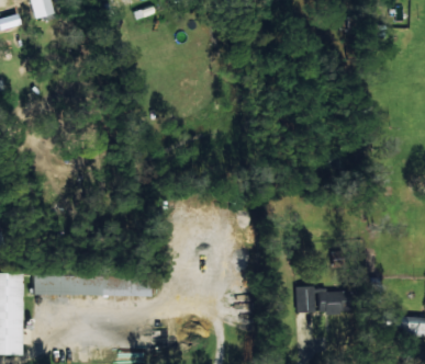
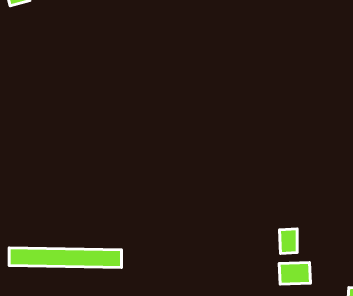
building: [297,286,315,312] -> [279,229,297,254]

